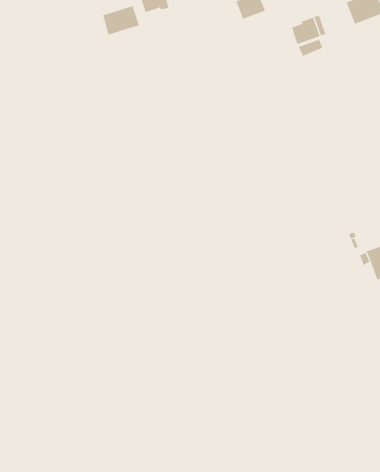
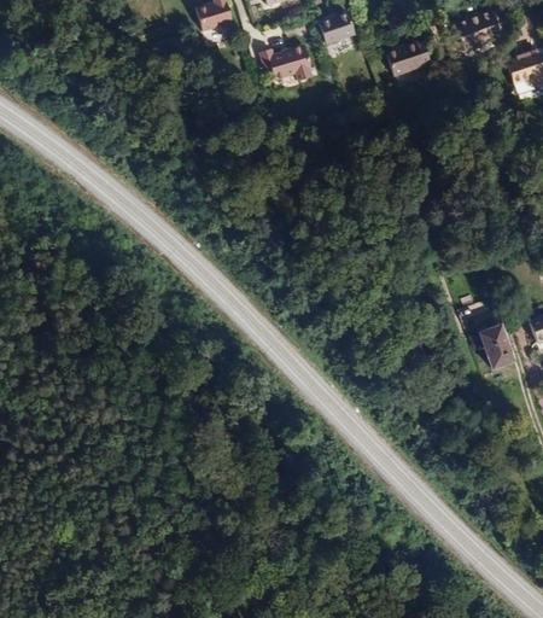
building: [102,6,139,35] -> none
building: none -> [261,47,313,82]

